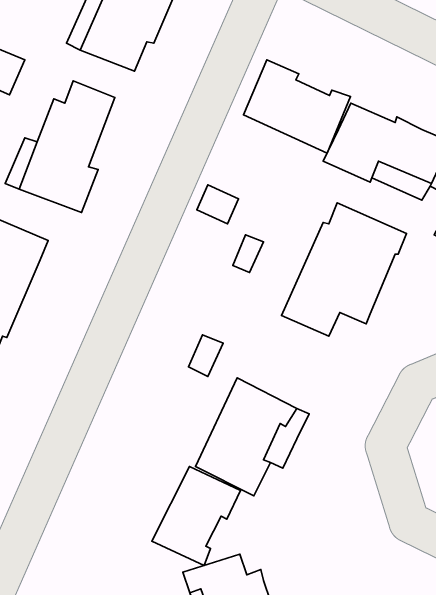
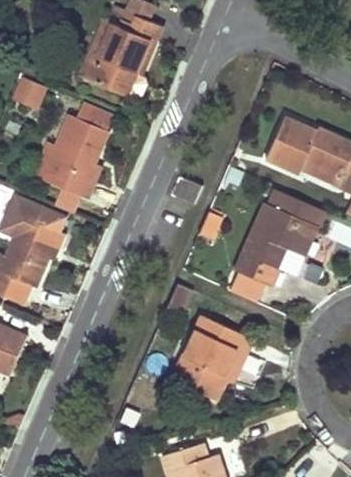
building: [243,60,351,153] -> none
building: none -> [226,270,268,304]
building: [152,466,240,565] -> none

